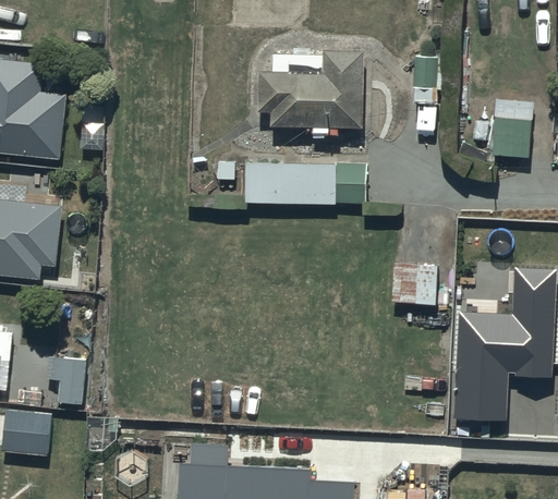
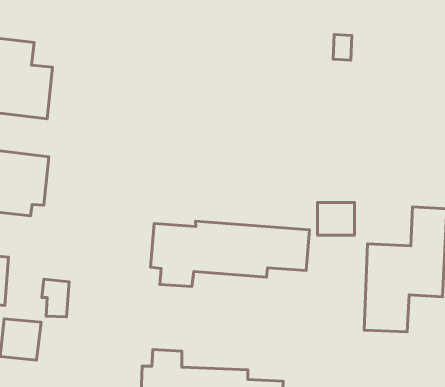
building: [258,50,364,137] -> none
building: [492,113,530,159] -> none
building: [245,160,367,202] -> none
building: none -> [151,221,310,287]

